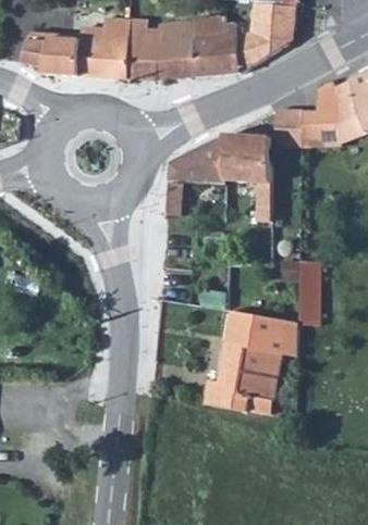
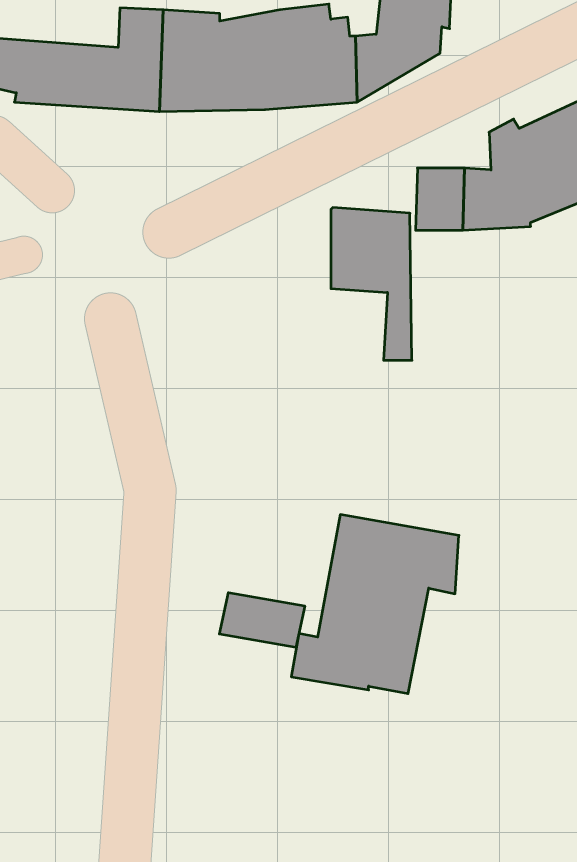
building: [165,134,224,215] -> none
building: [279,254,324,321] -> none
building: none -> [219,593,305,647]

